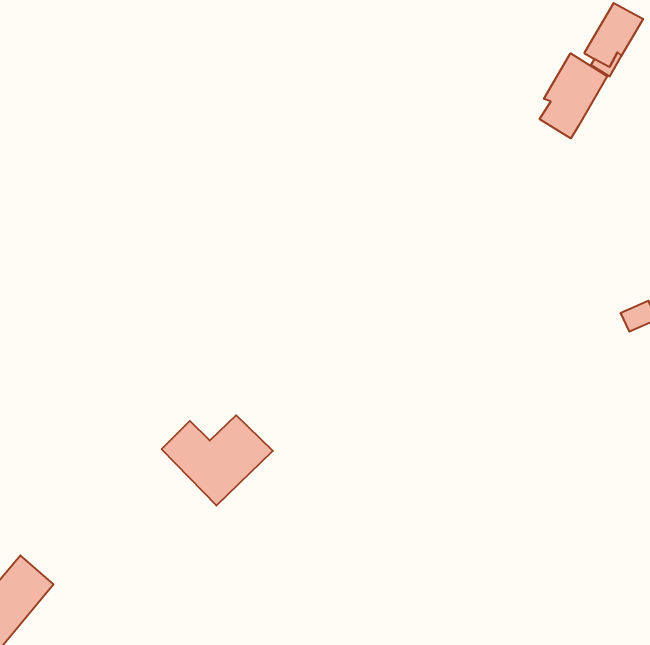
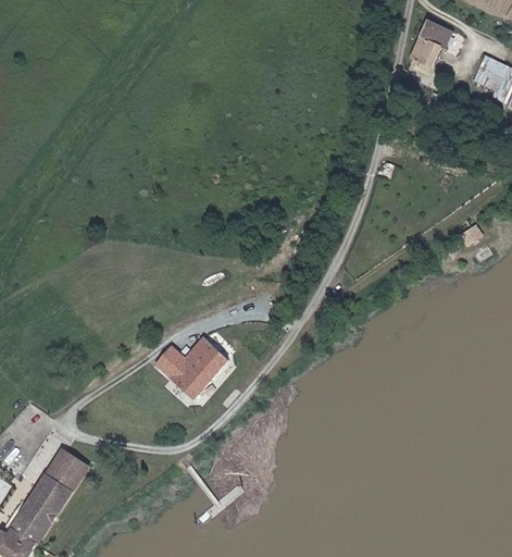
building: [540,53,607,138] -> none

